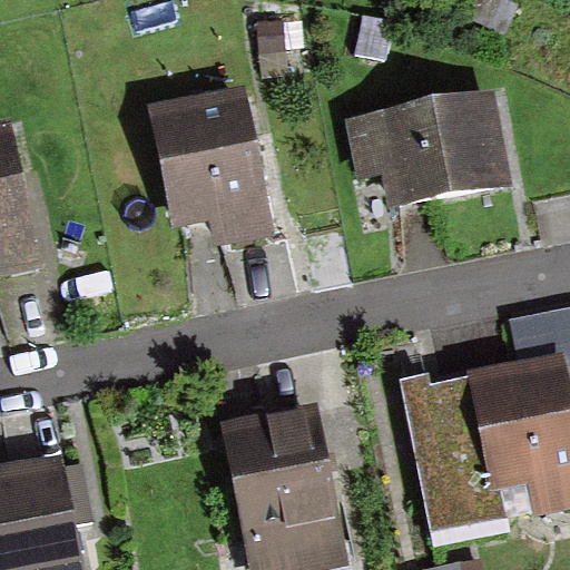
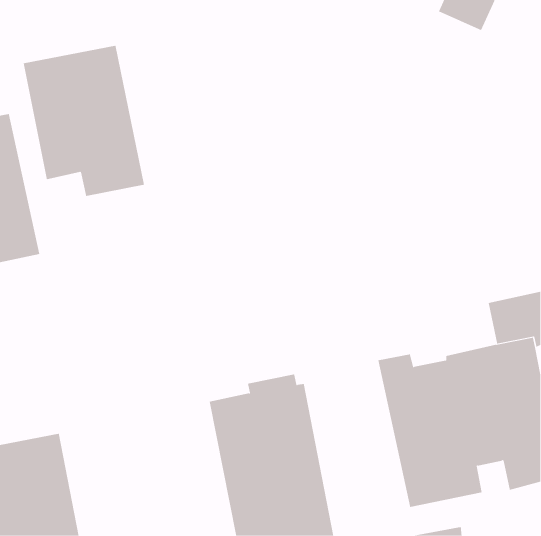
building: [148,88,276,247] -> [23,45,145,197]
building: [345,89,515,209] -> none

